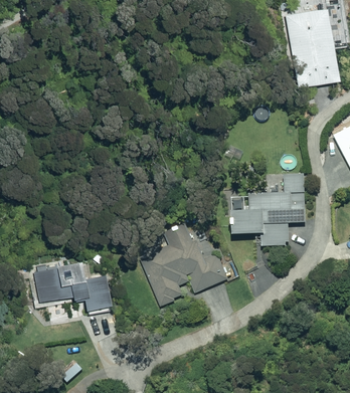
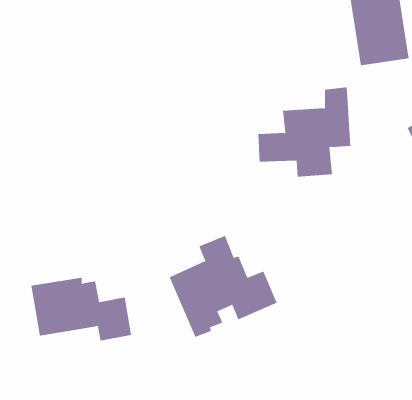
building: [228,174,305,247] -> [258,87,351,177]

